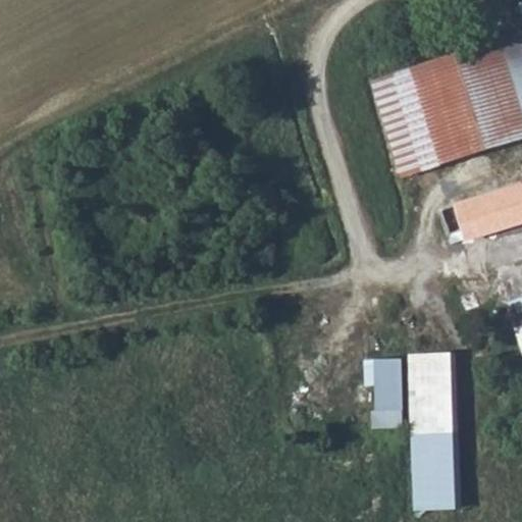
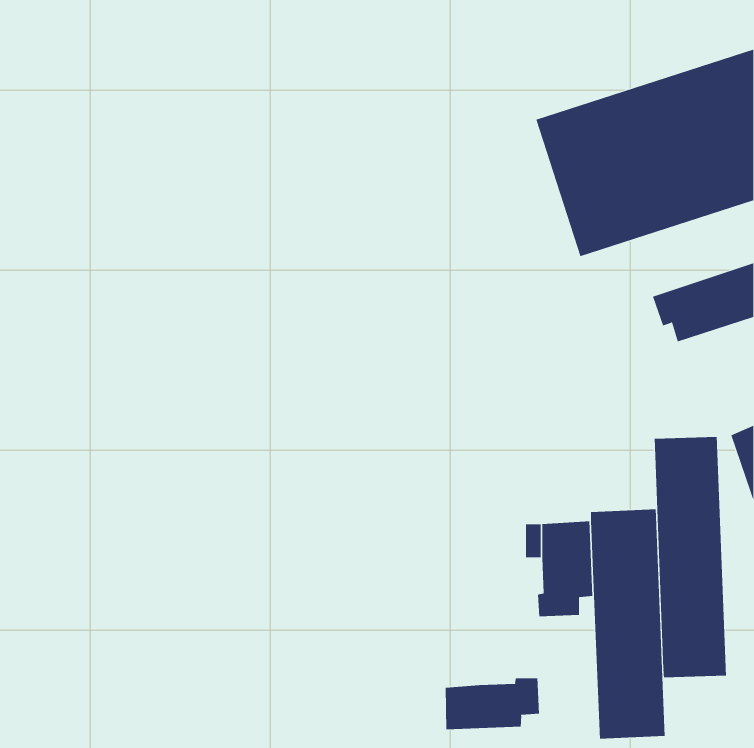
building: none -> [654,436,727,678]
building: none -> [445,678,539,730]

